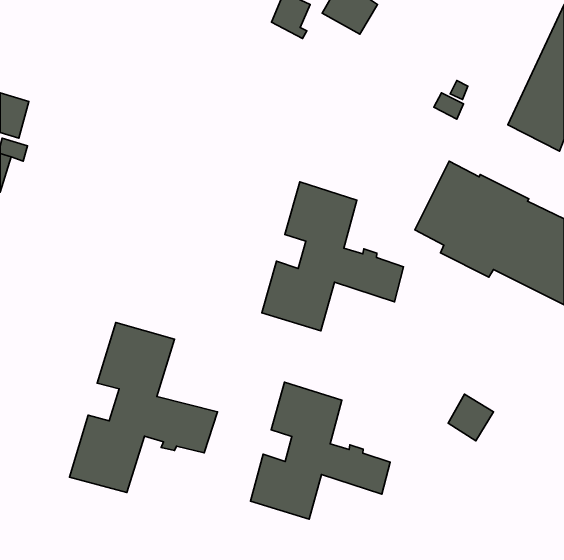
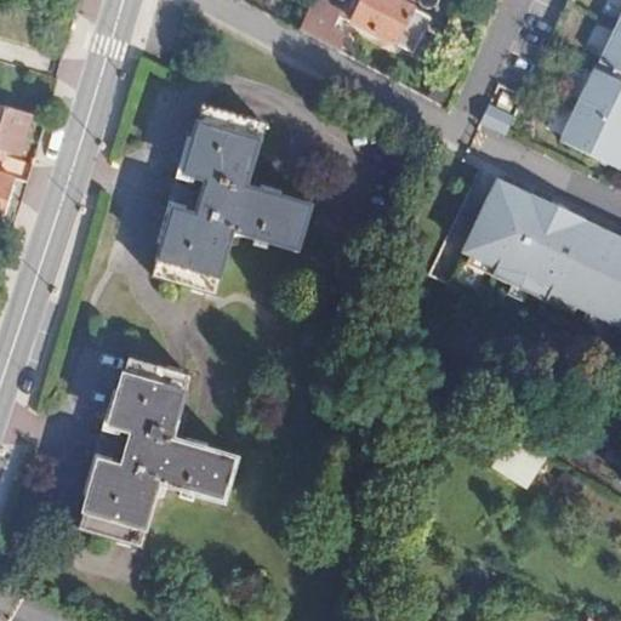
building: none -> [150,103,312,294]
building: [262,182,404,331] -> none
building: [250,382,390,519] -> none

